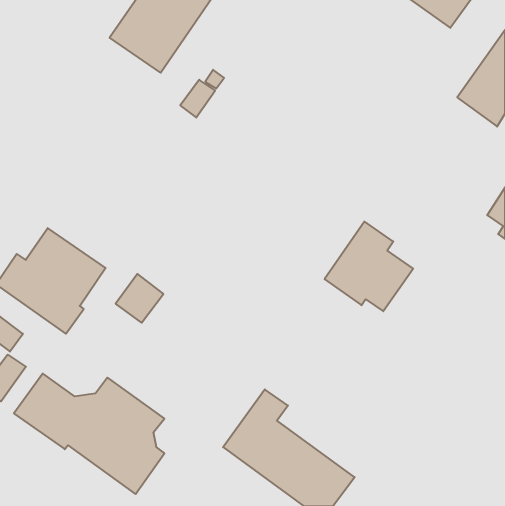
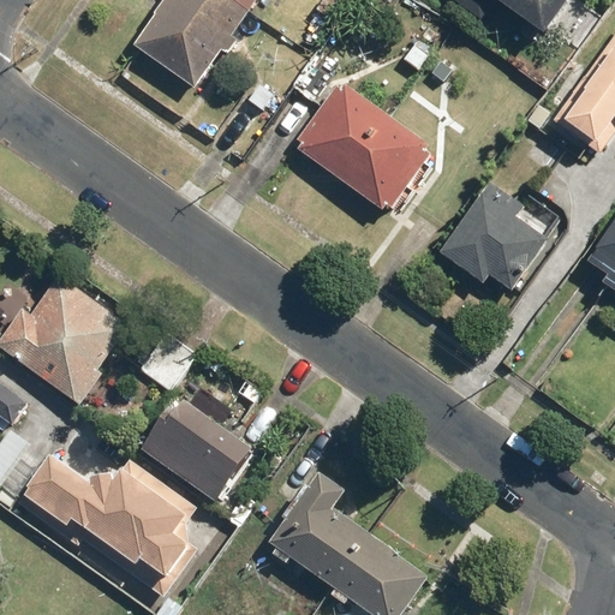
building: none -> [295,83,430,209]
building: [325,222,413,311] -> [440,181,547,289]
building: none -> [141,400,253,501]

